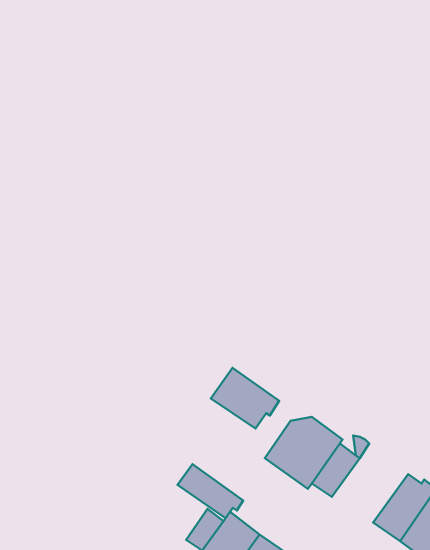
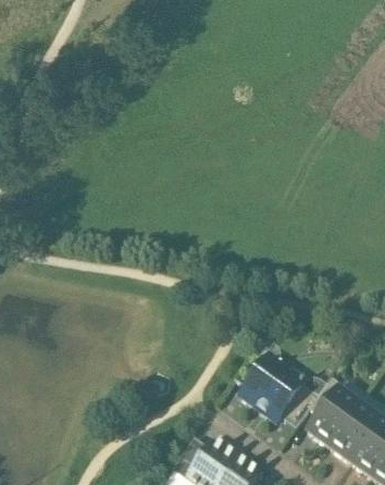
building: [211,368,279,428] -> none
building: none -> [308,388,358,447]
building: [178,464,243,518] -> none

